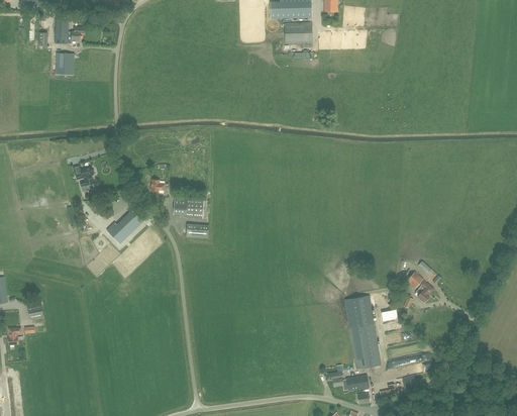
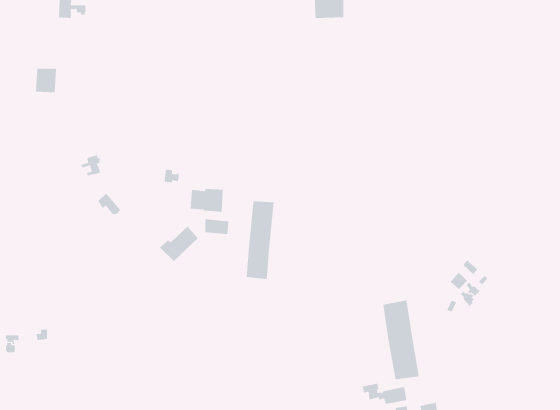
building: [55,53,74,75] -> [35,68,57,93]
building: none -> [246,201,274,280]
building: [106,210,141,242] -> [159,226,199,262]

